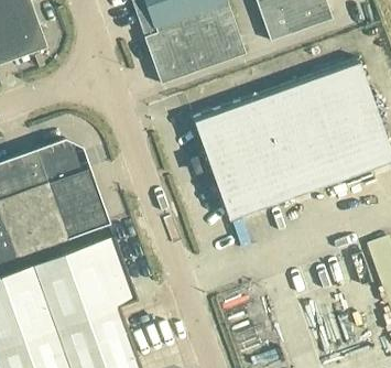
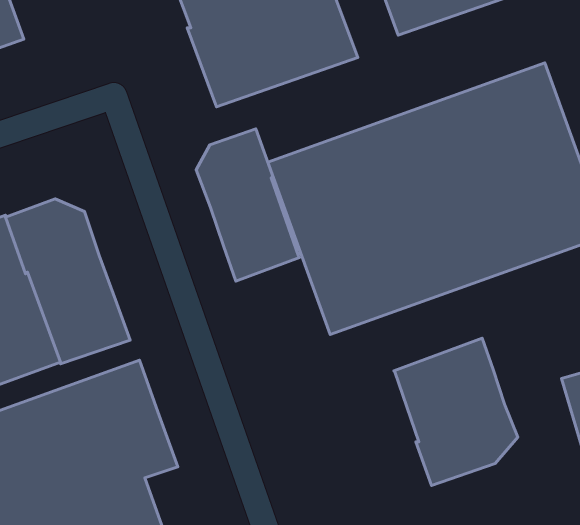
building: none -> [196,129,299,281]
building: none -> [394,338,518,486]

